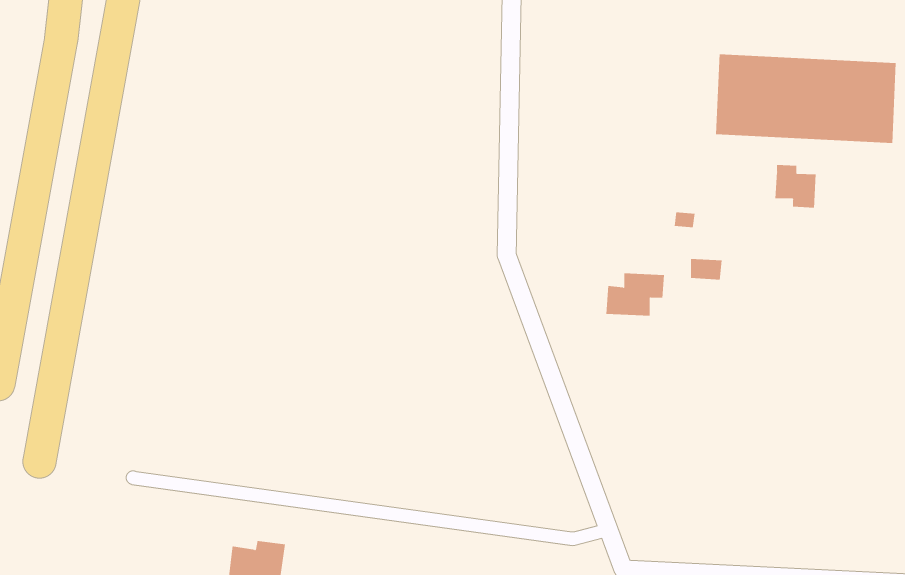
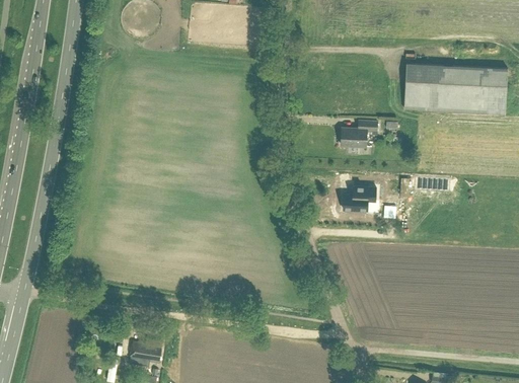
building: none -> [342,121,377,147]
building: [775,164,816,209] -> none

